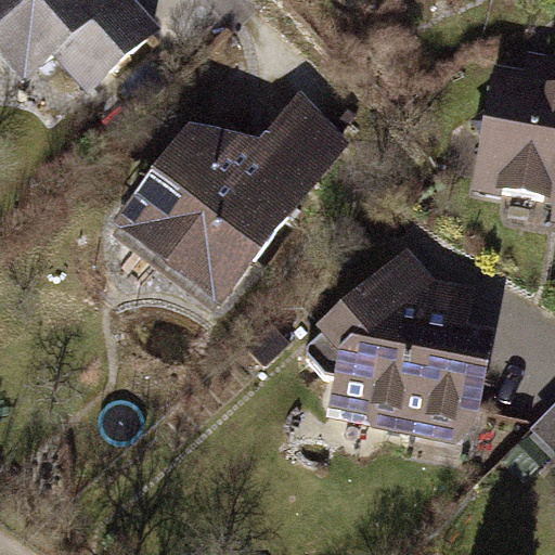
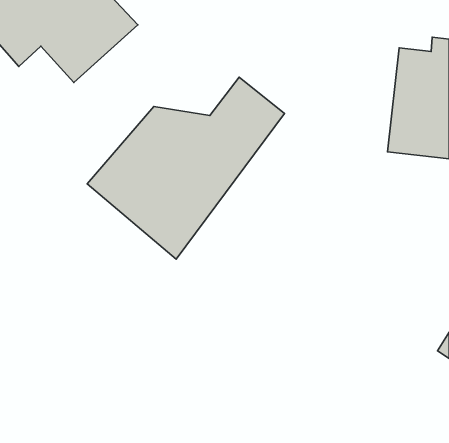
building: [306,246,488,433] -> none

